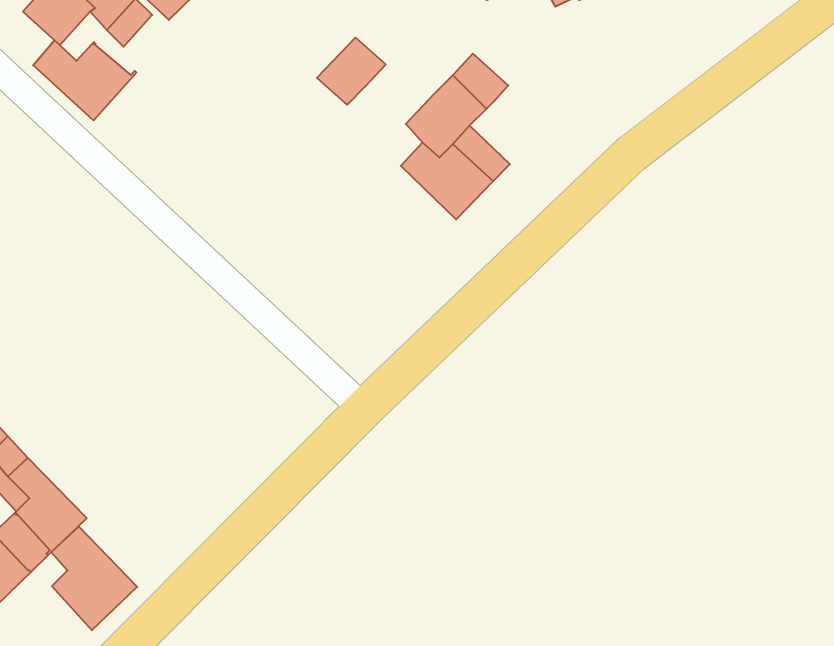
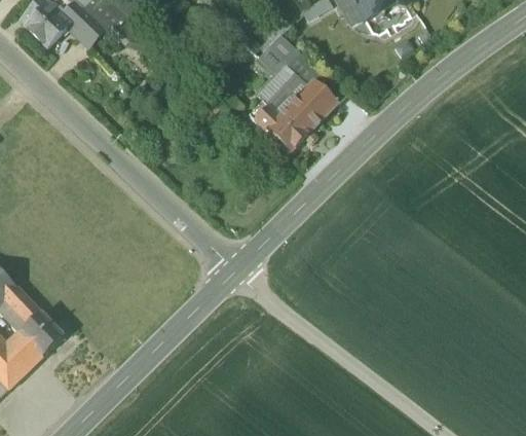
building: [317,38,386,105] -> [257,35,299,76]
building: [33,40,136,120] -> none
building: none -> [297,80,337,119]
building: [51,527,137,630] -> none

